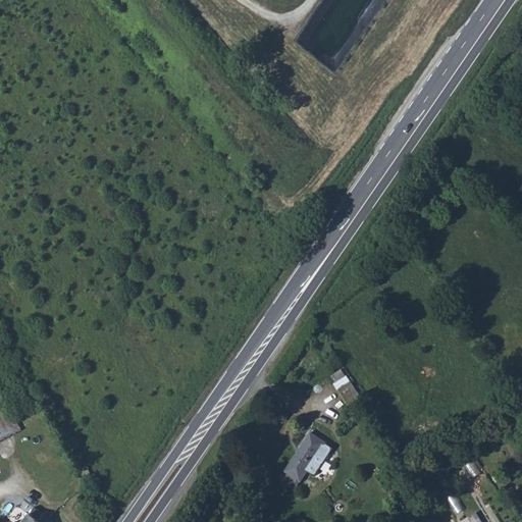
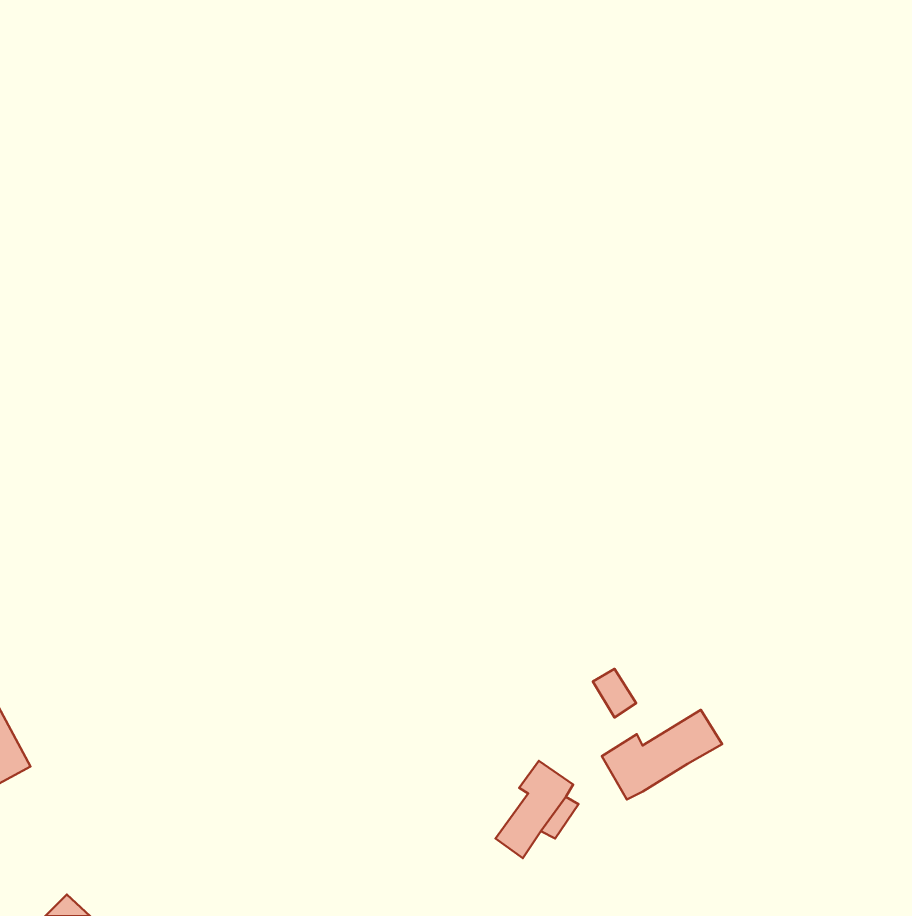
building: none -> [602,710,722,799]

